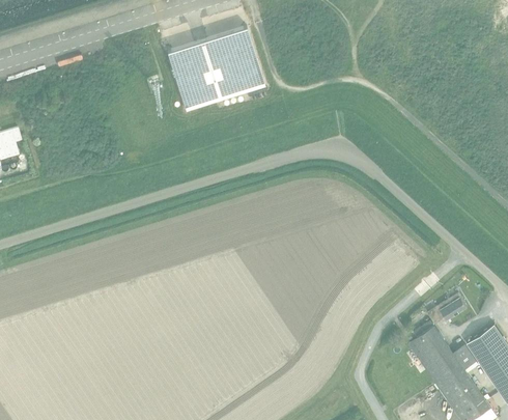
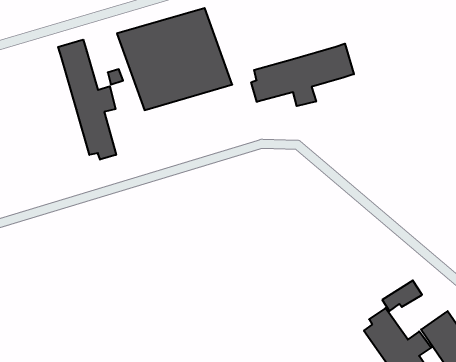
building: none -> [58,40,116,160]
building: none -> [251,44,354,106]

